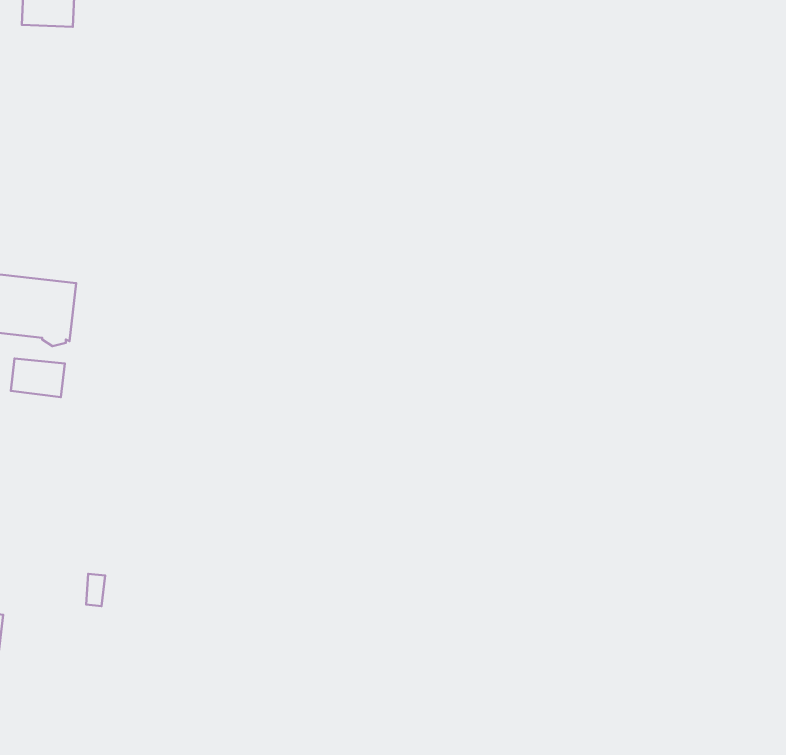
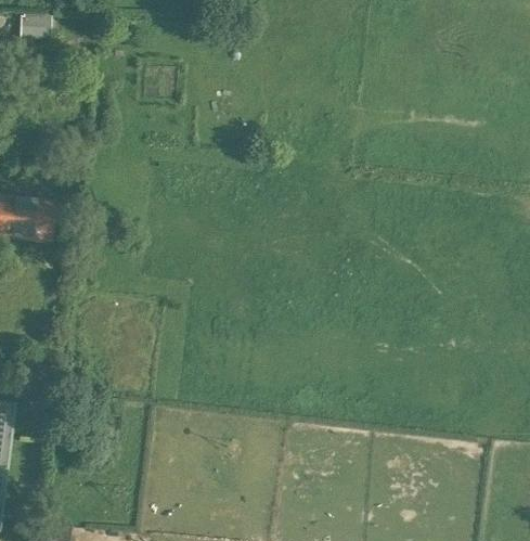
building: [11,359,65,397] -> none

